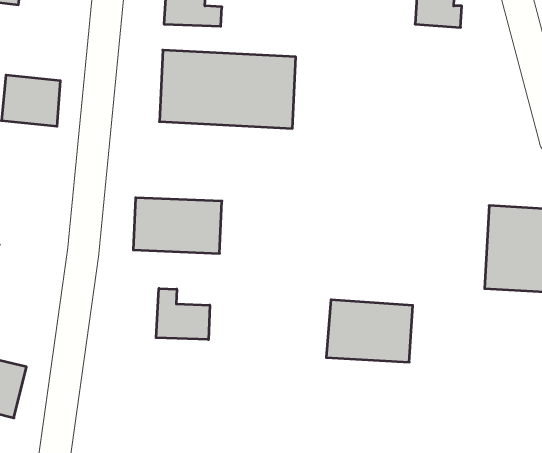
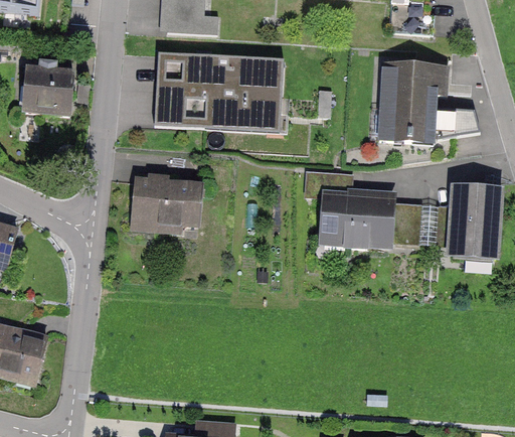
building: none -> [375,62,436,140]
building: [156,288,210,340] -> none
building: [326,300,413,362] -> [319,194,395,250]

